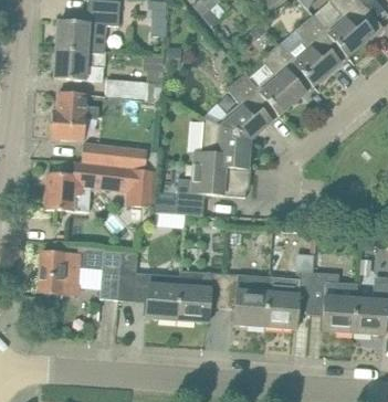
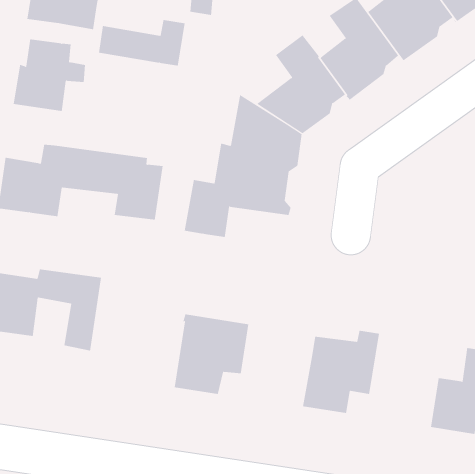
building: [81,144,146,166] -> none
building: [117,252,179,320] -> none
building: [310,272,356,332] -> none
building: [221,273,269,326] -> none

